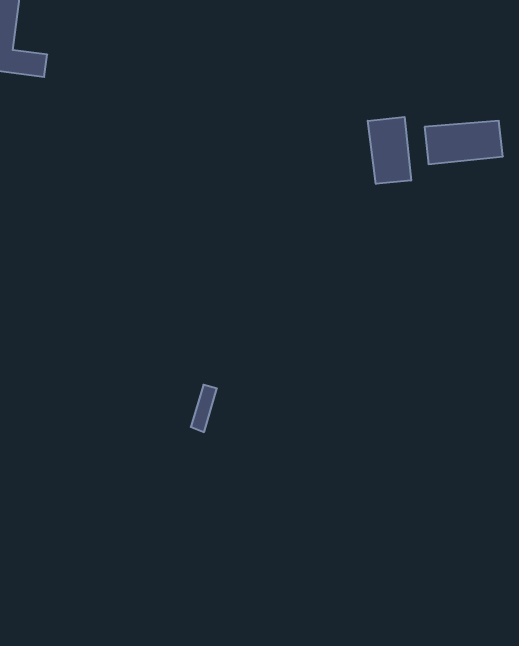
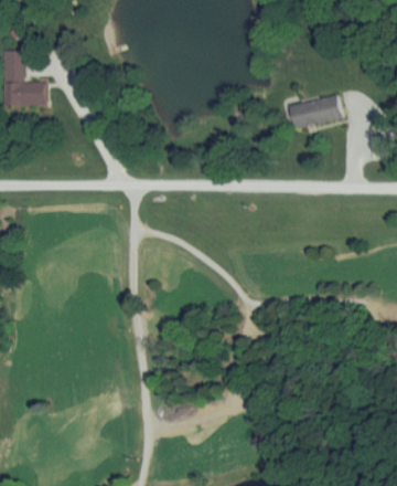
building: [368,117,411,184] -> none

